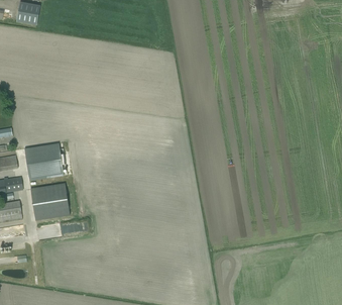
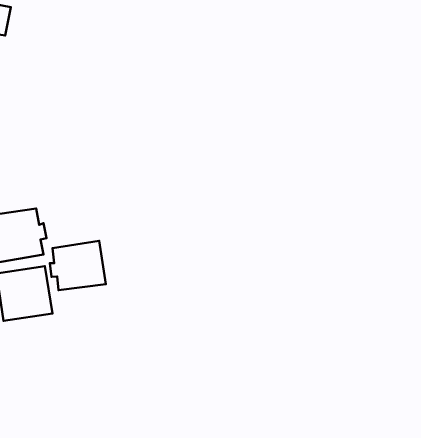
building: none -> [50,241,106,290]

